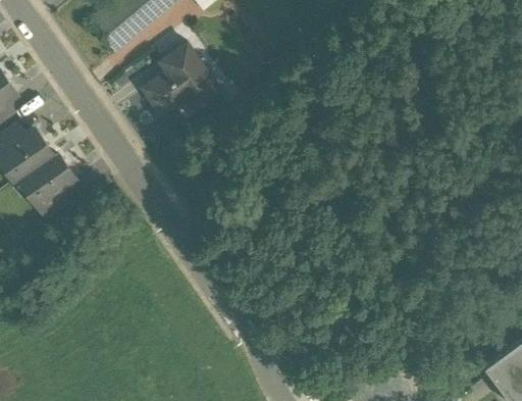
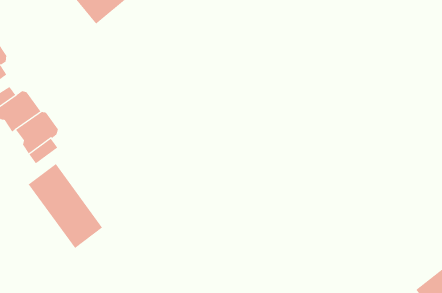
building: [141,42,216,113] -> none
building: none -> [28,163,103,249]

